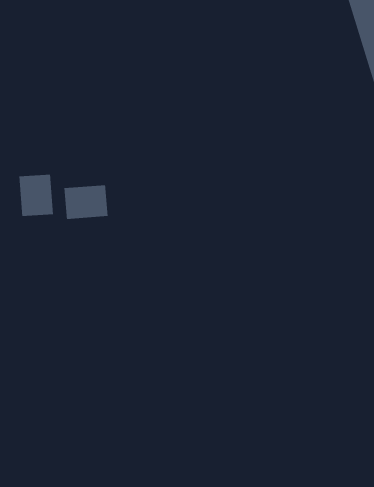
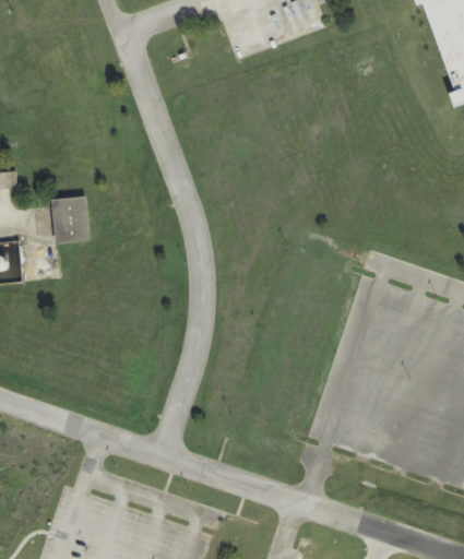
building: [64,185,108,220] -> none

